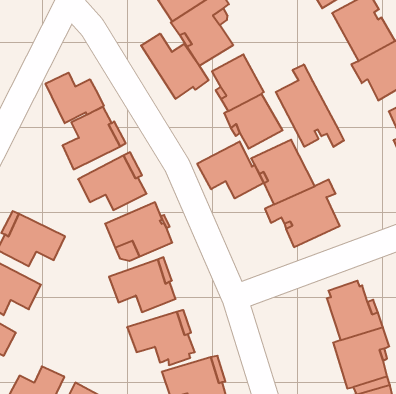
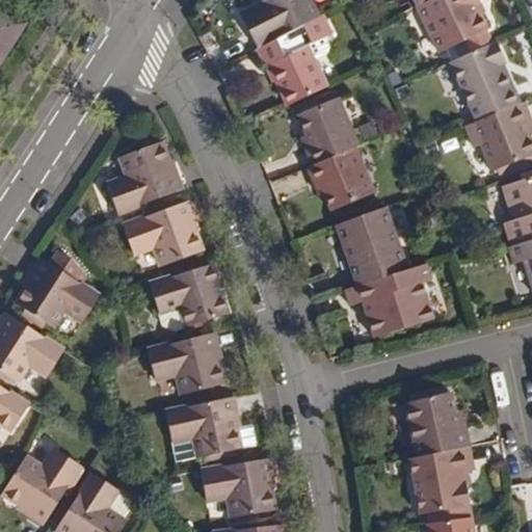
building: [141,34,209,99] -> none
building: [276,64,344,147] -> none
building: [46,73,104,123] -> none
building: [197,141,264,198] -> none

